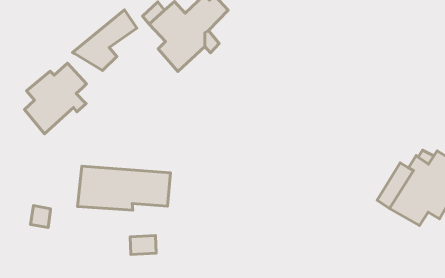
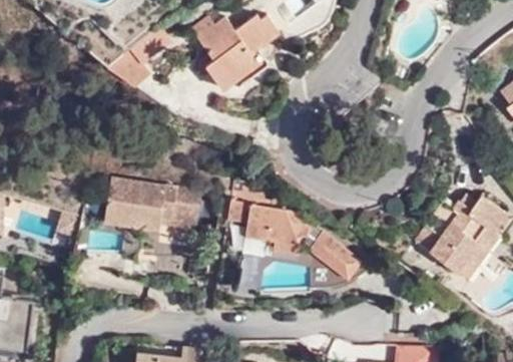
building: [24,63,87,134] -> none
building: none -> [228,180,362,281]

